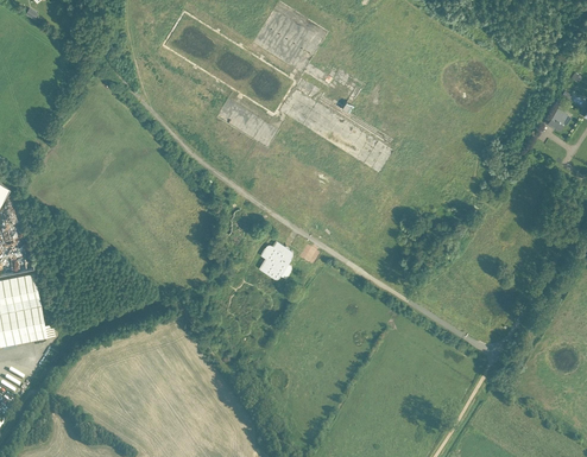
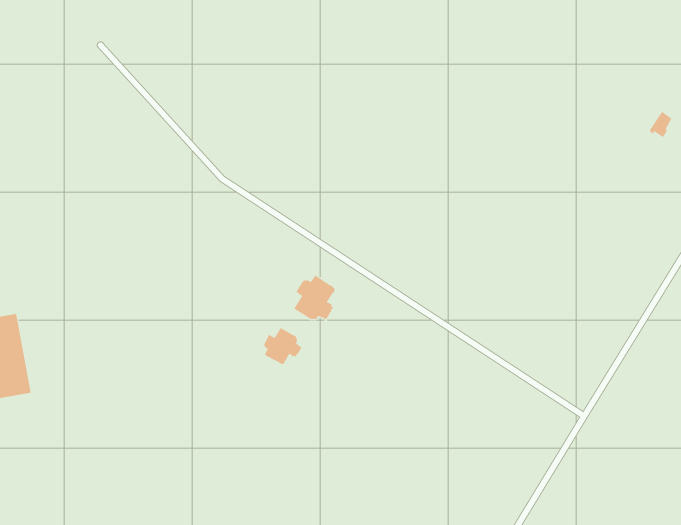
building: none -> [263,326,303,365]

